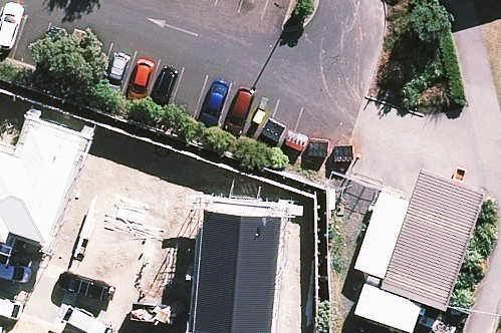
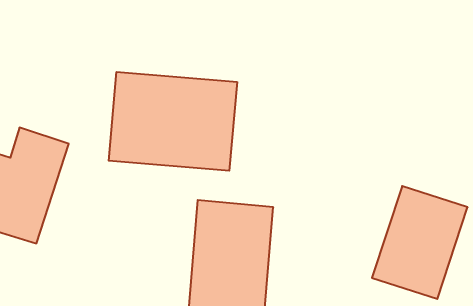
building: none -> [109,72,237,171]

